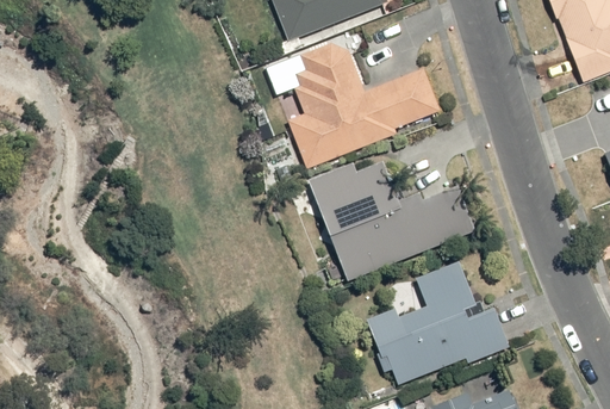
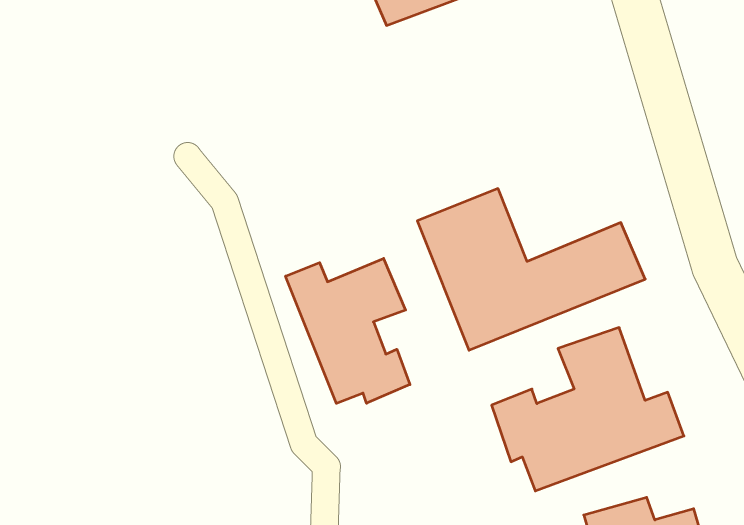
building: [287,38,443,169] -> none
building: none -> [286,258,410,403]

